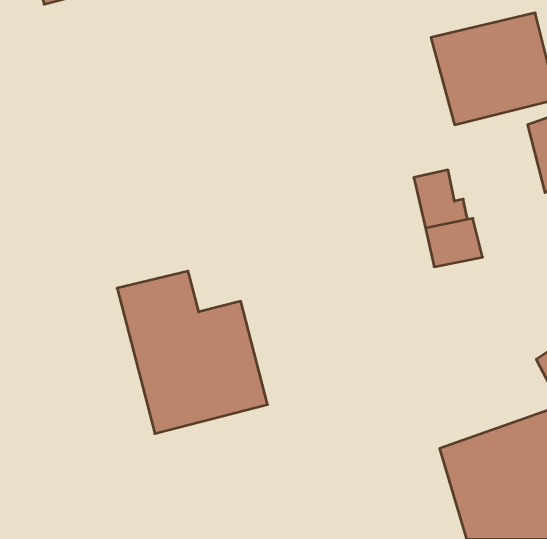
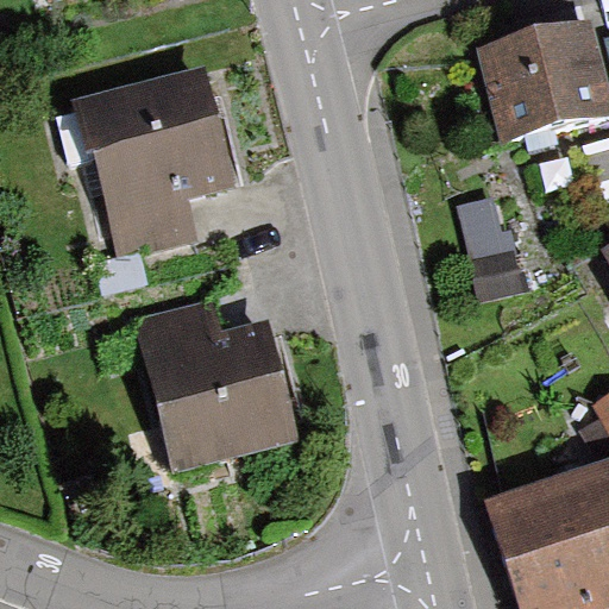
building: none -> [80,74,236,255]

